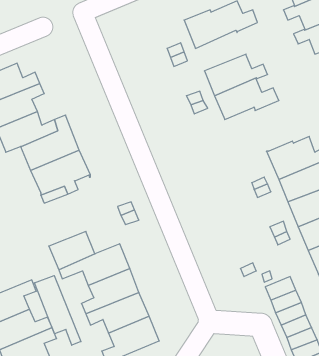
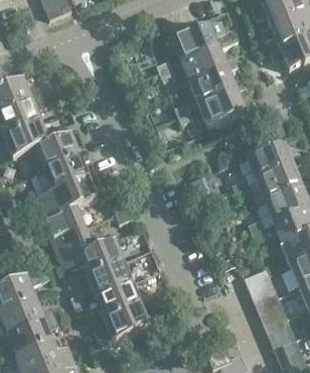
building: none -> [181,48,237,85]
building: none -> [41,204,84,241]
building: [34,276,81,345] -> none

